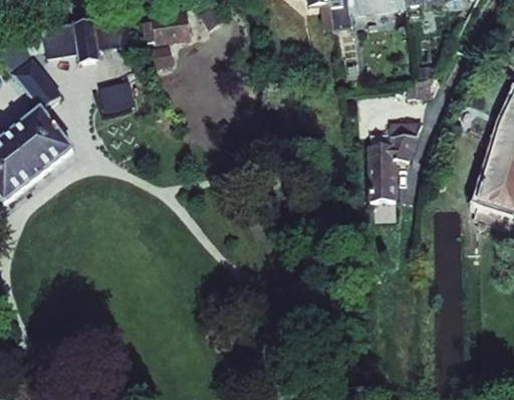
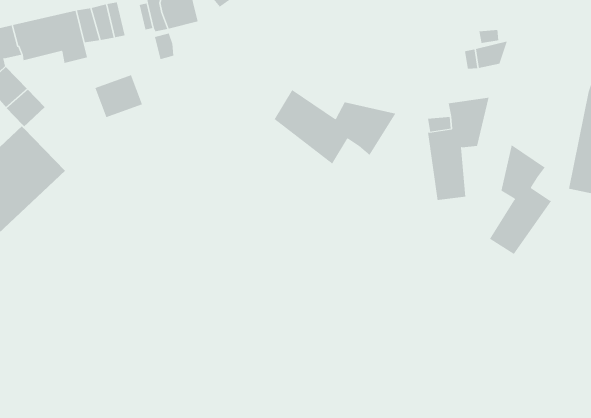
building: none -> [274,89,396,164]
building: none -> [489,144,552,255]

